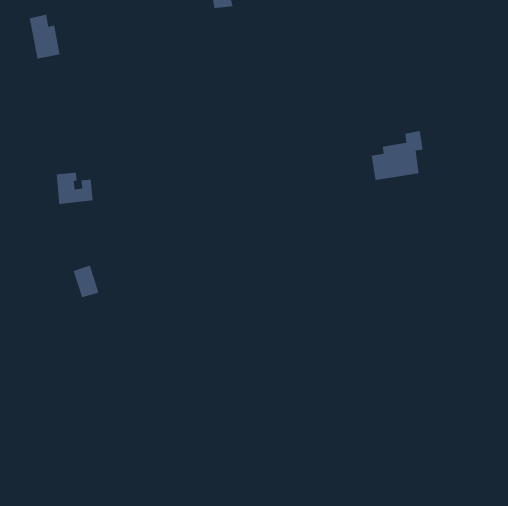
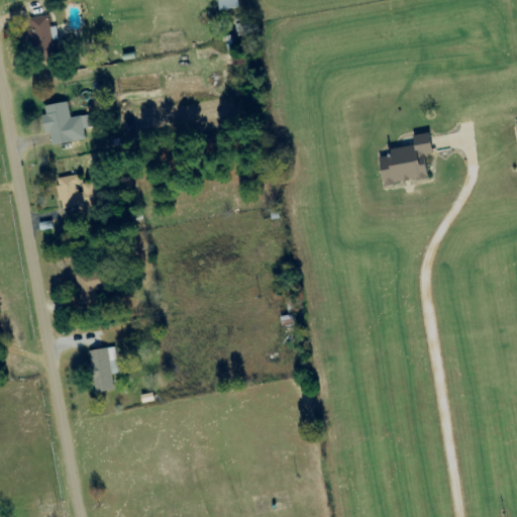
building: none -> [40,101,92,144]
building: none -> [89,346,119,392]

